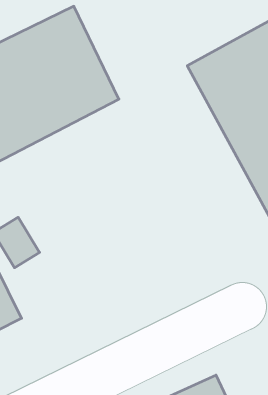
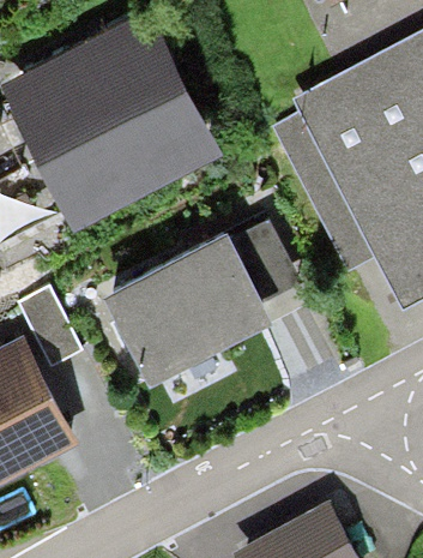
building: none -> [110,235,268,378]

